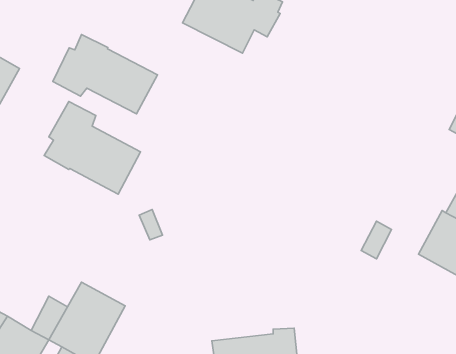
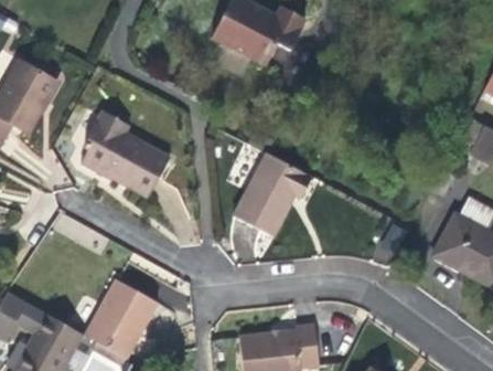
building: [53,35,157,114] -> none
building: none -> [232,151,314,237]

